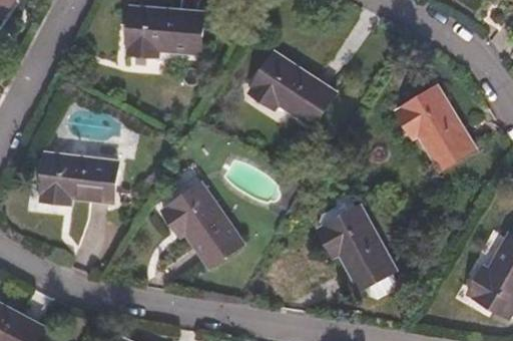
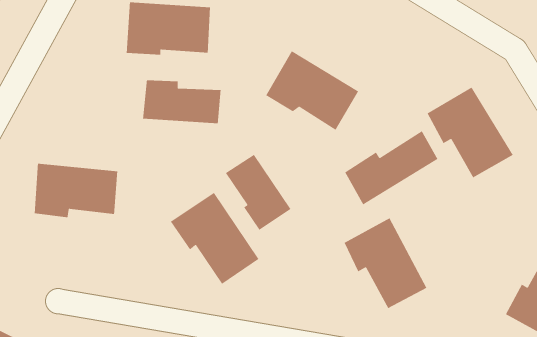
building: none -> [142,80,222,124]
building: none -> [344,130,439,206]
building: none -> [225,154,292,231]

